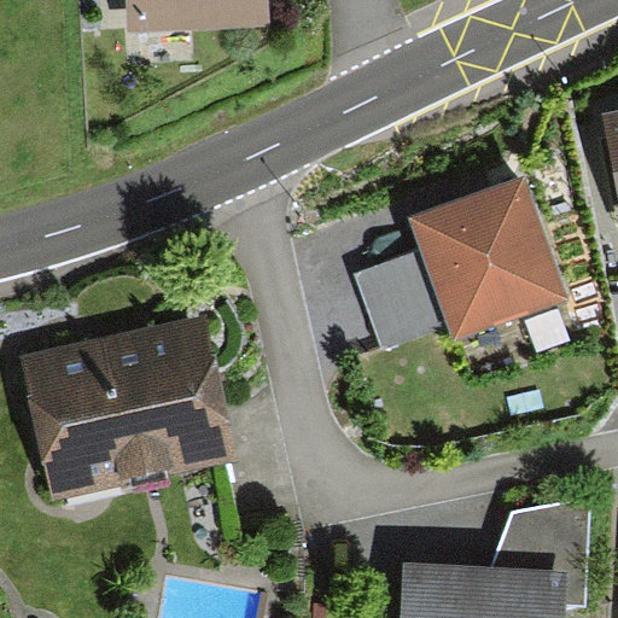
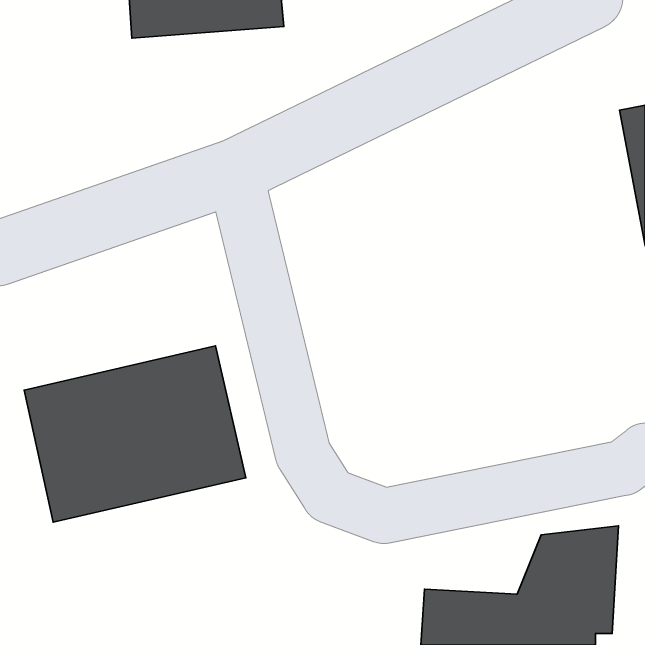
building: [354,176,570,352] -> none

